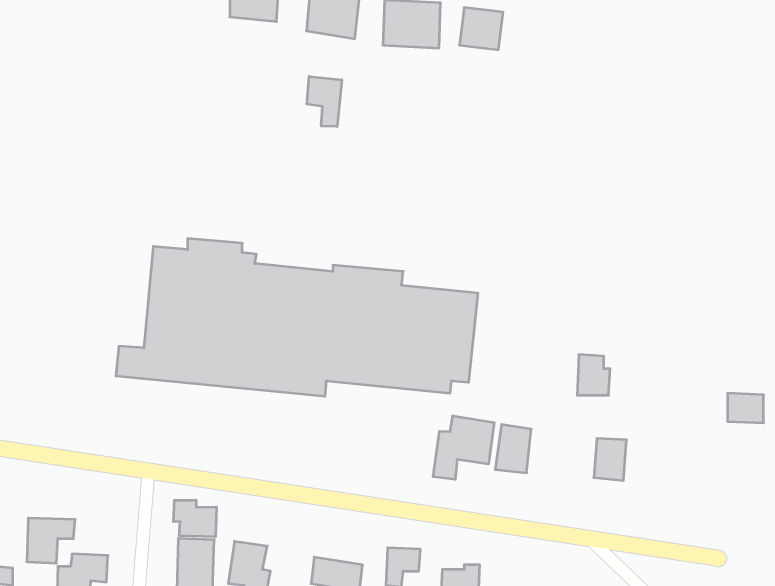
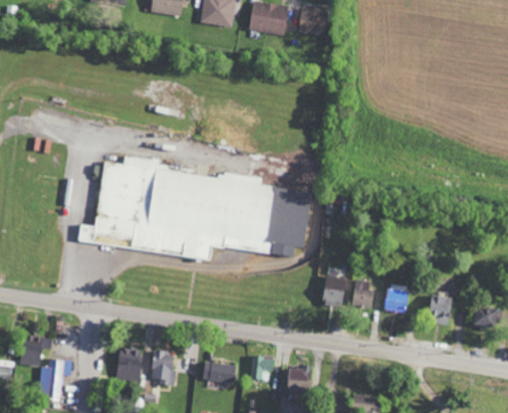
building: [307,76,342,127] -> none
building: [577,355,610,395] -> [353,280,374,306]
building: [728,393,764,423] -> [473,307,496,327]
building: [433,416,494,479] -> none
building: none -> [427,294,452,325]
building: [173,500,216,537] -> none

